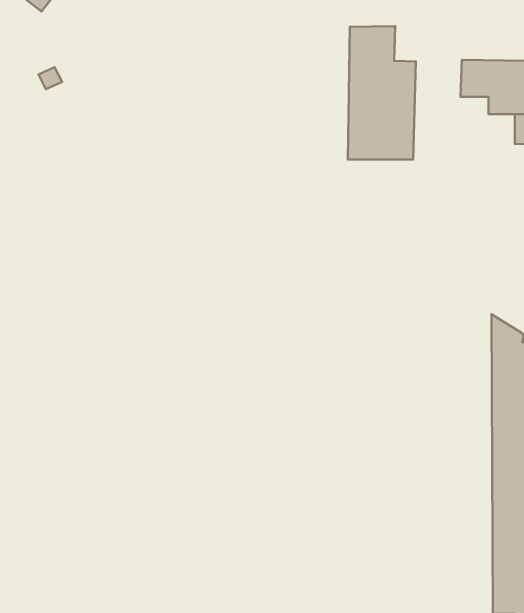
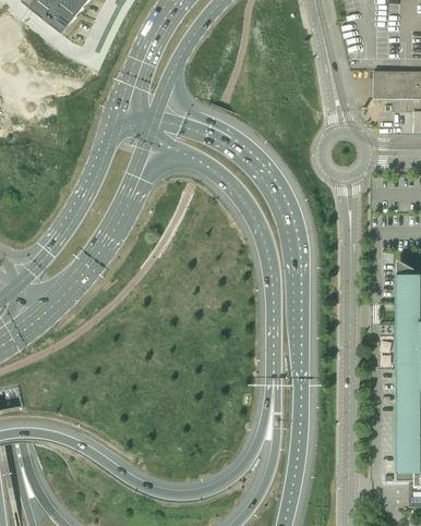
building: [348,26,416,160] -> none

